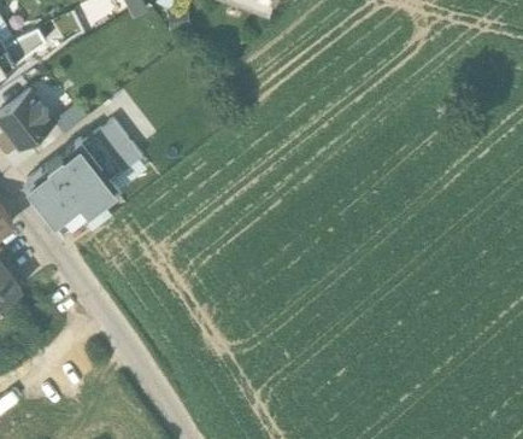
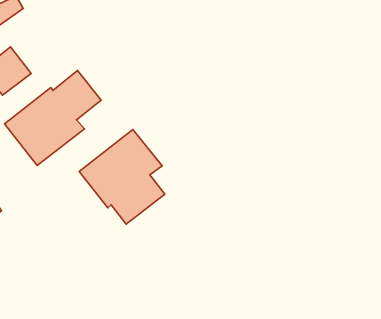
building: none -> [79,129,165,224]

